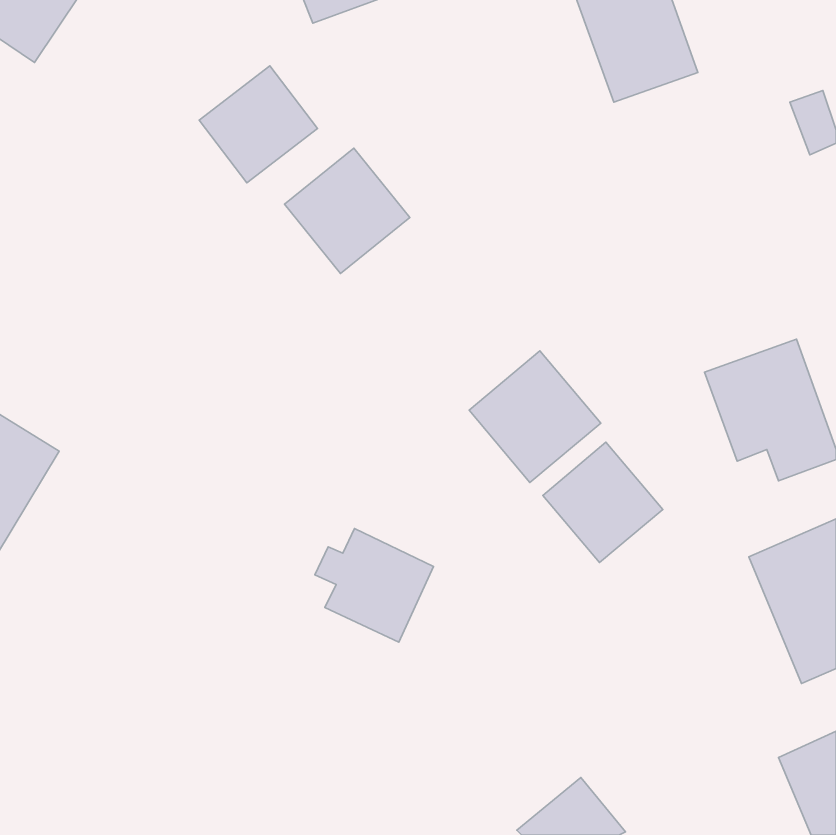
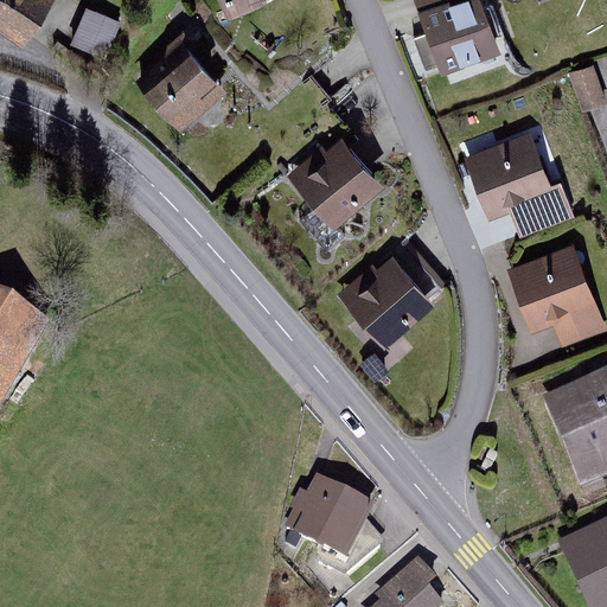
building: none -> [72,9,121,59]
building: [285,148,410,273] -> [293,136,383,226]
building: none -> [466,129,562,222]
building: [543,442,663,563] -> none
building: [315,529,433,642] -> [288,480,373,562]

